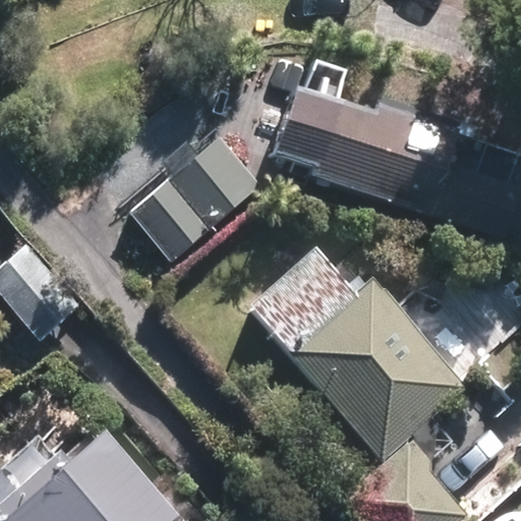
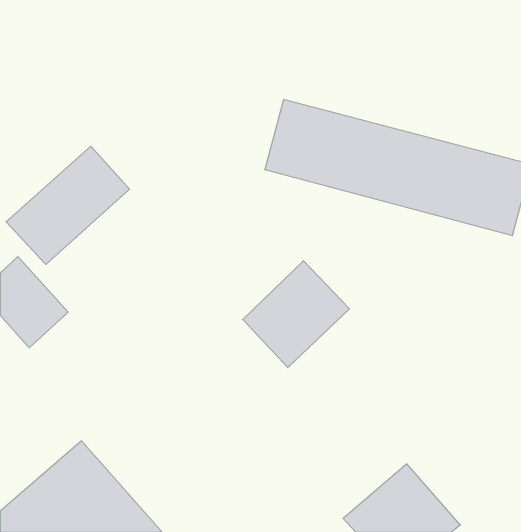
building: [139,139,259,254] -> [6,146,130,265]
building: [298,291,460,453] -> none

